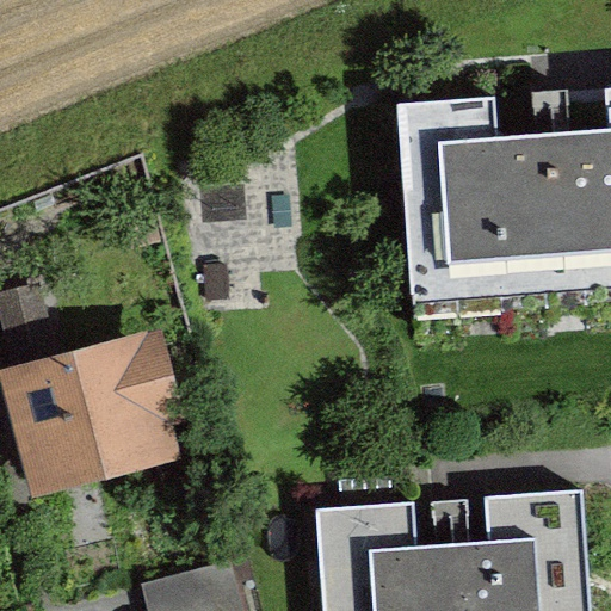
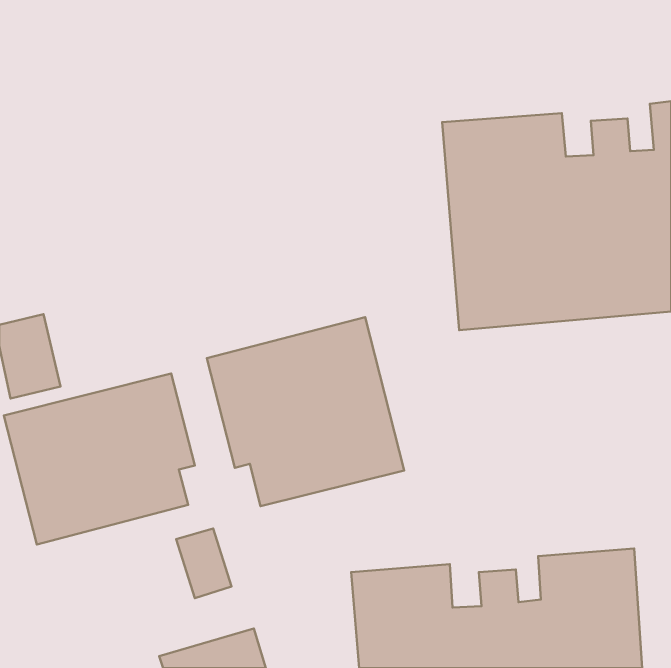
building: none -> [207,317,404,506]

